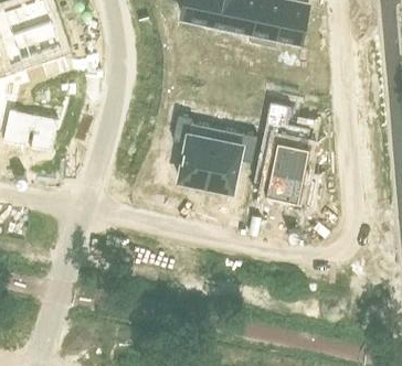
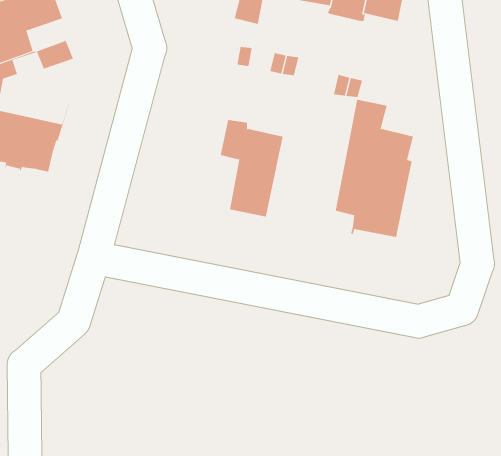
building: [204,128,256,191] -> none

